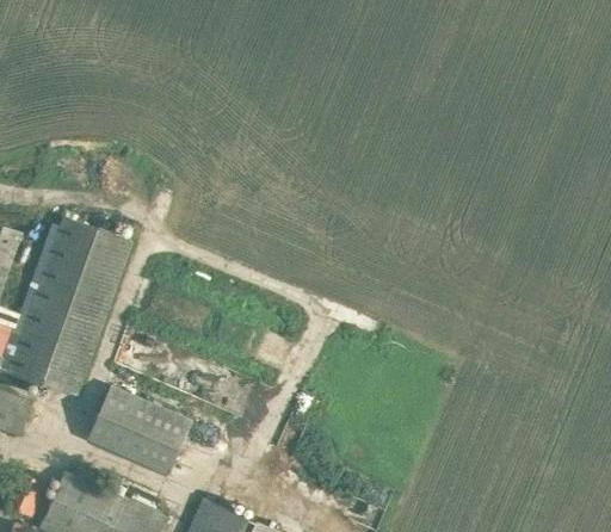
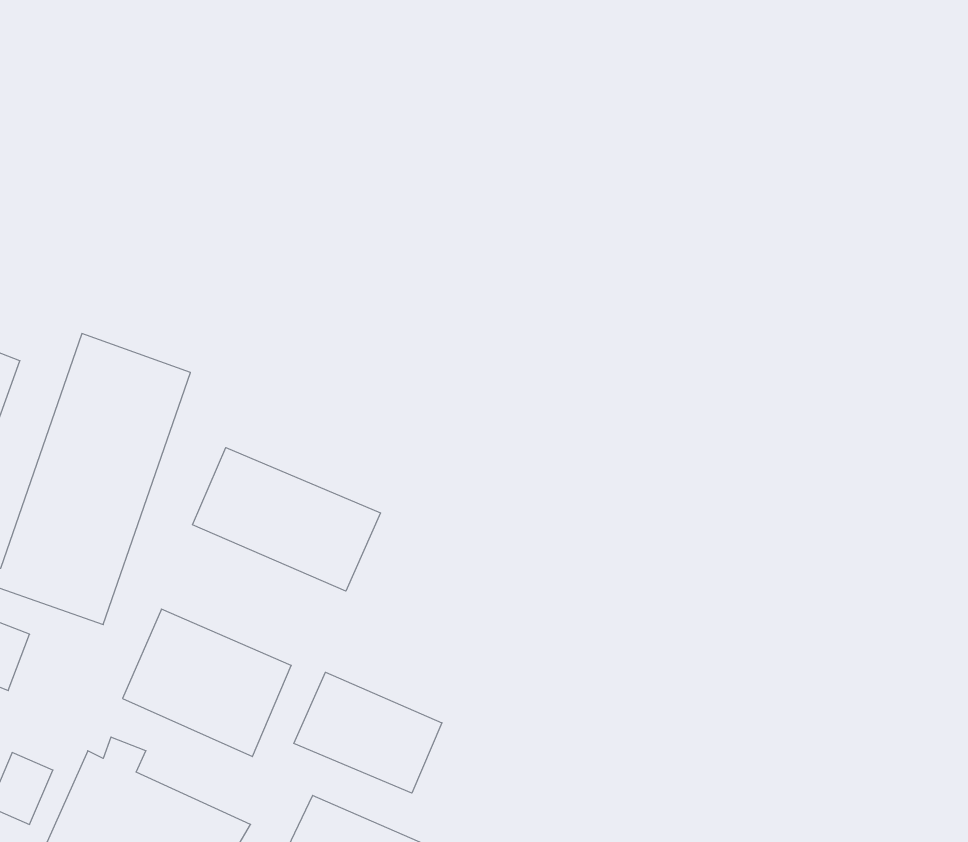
building: none -> [193,448,380,591]
building: none -> [294,672,442,793]

